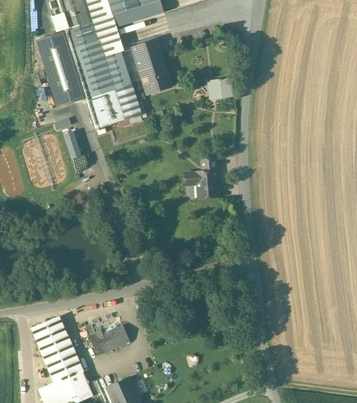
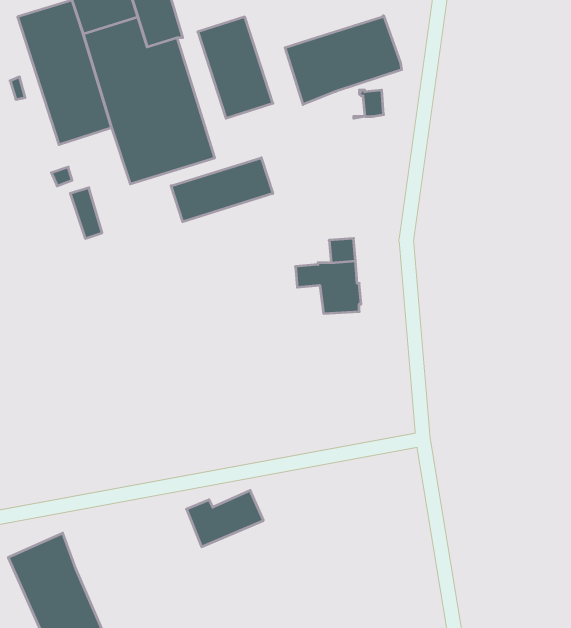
building: none -> [285,16,402,105]
building: none -> [171,158,273,222]
building: [89,325,130,355] -> [186,490,263,547]

